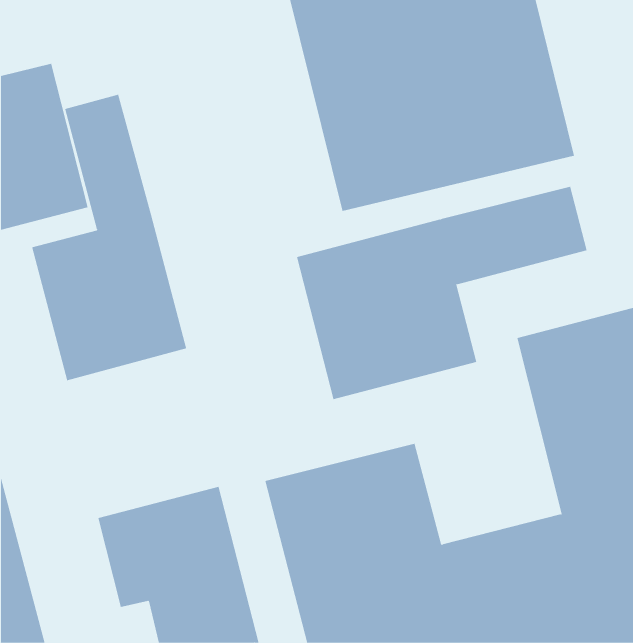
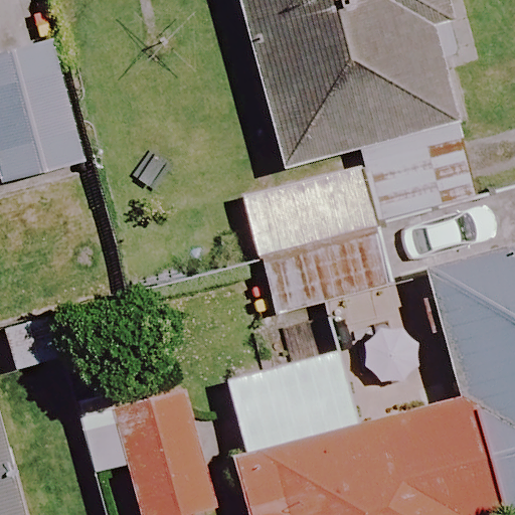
building: [32,94,187,381] -> none

